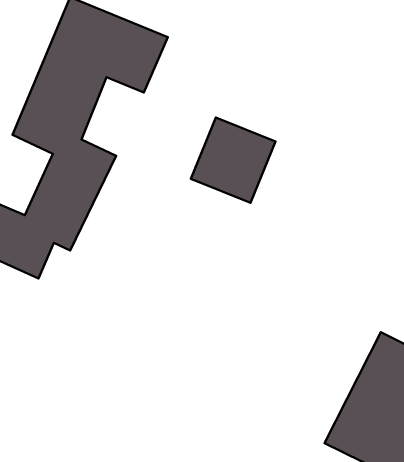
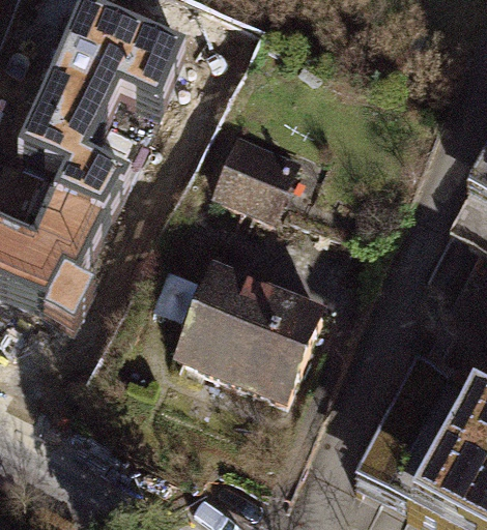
building: none -> [166,262,327,414]

